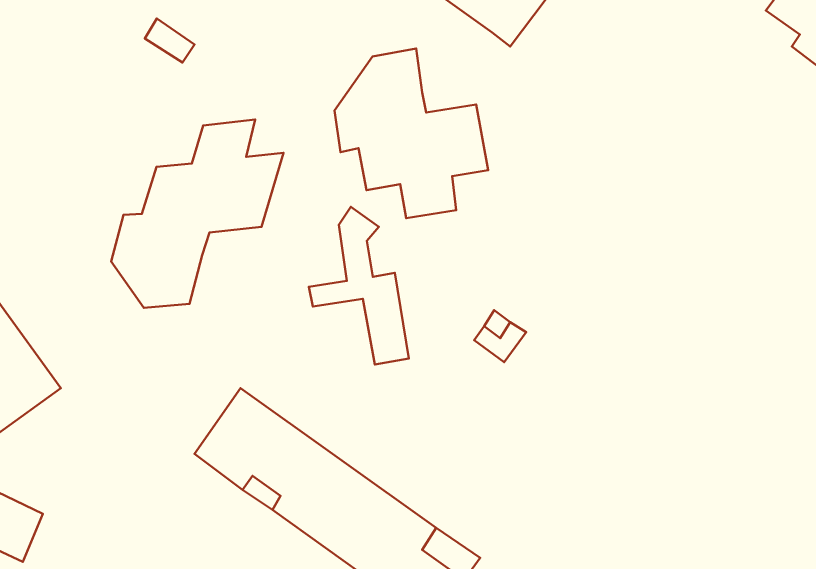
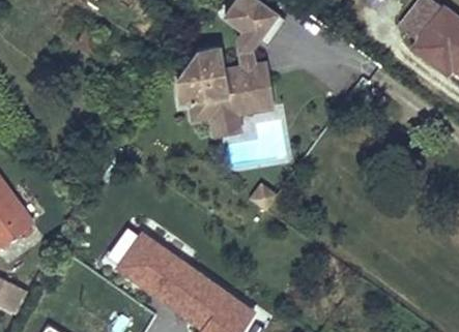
building: [111,119,284,308] -> none
building: [309,207,409,365] -> [222,29,274,111]

